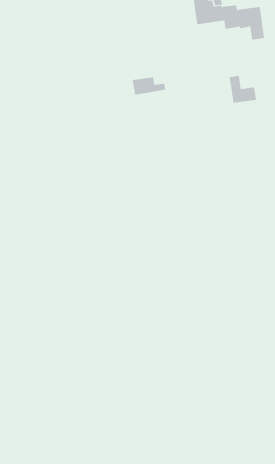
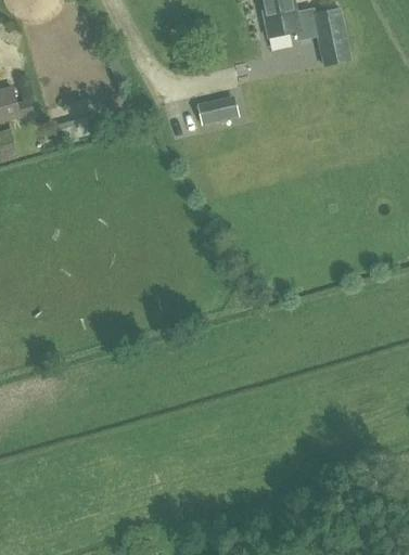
building: [229,75,257,103] -> [317,33,350,65]

